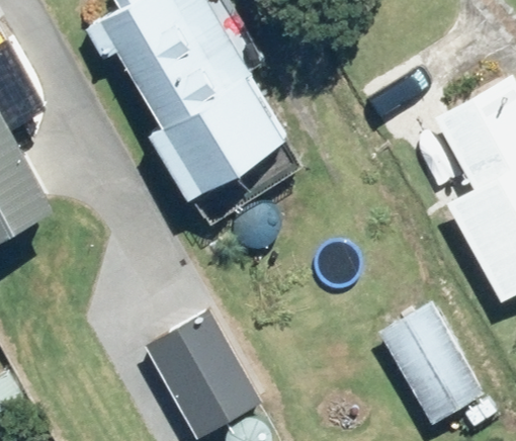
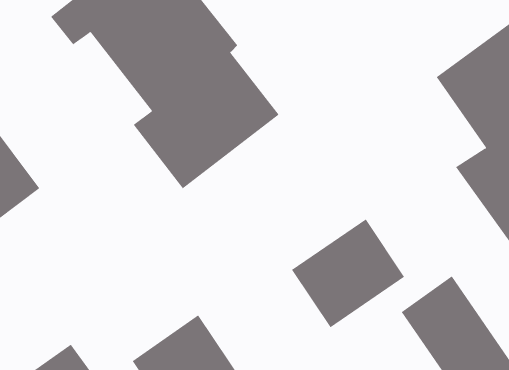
building: none -> [291,219,405,328]

